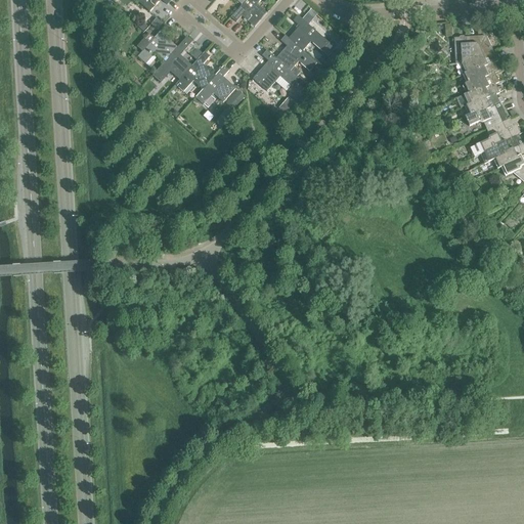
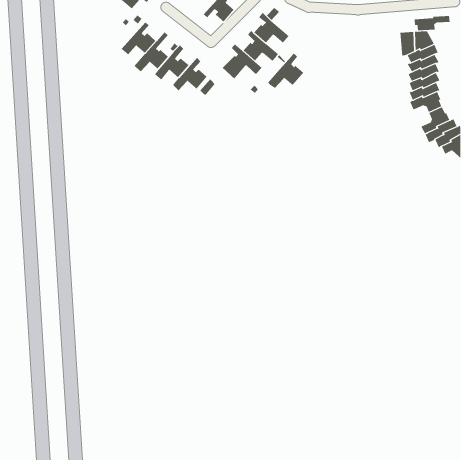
building: none -> [414,15,450,31]
building: none -> [267,52,304,89]

